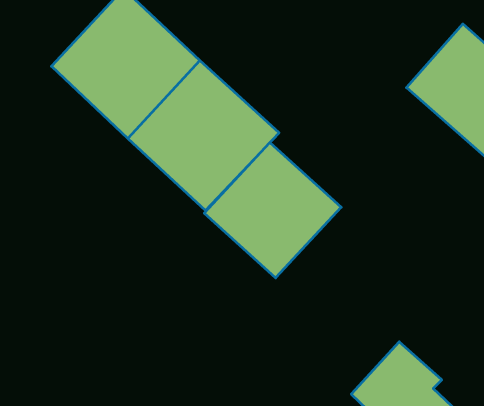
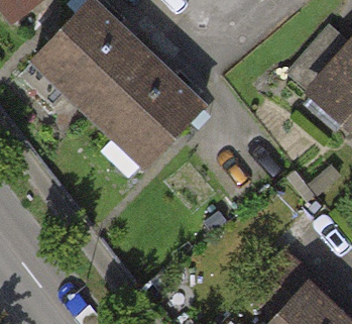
building: [204,142,341,278] -> none

